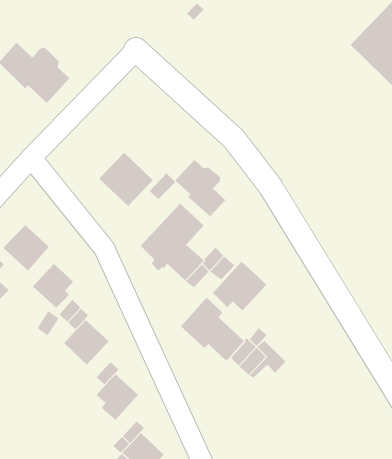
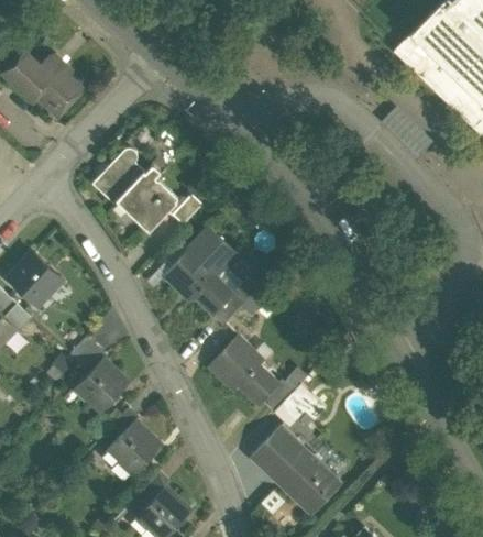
building: none -> [92,150,145,205]
building: [175,159,226,217] -> none
building: [212,261,267,311] -> none
building: [32,263,74,309] -> none
building: none -> [253,427,340,512]

